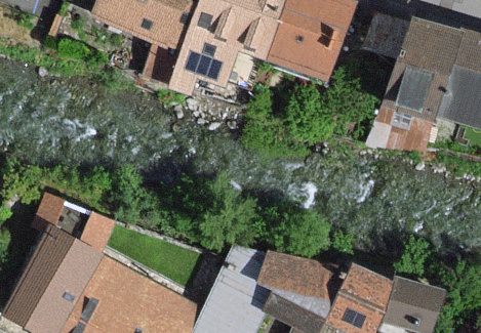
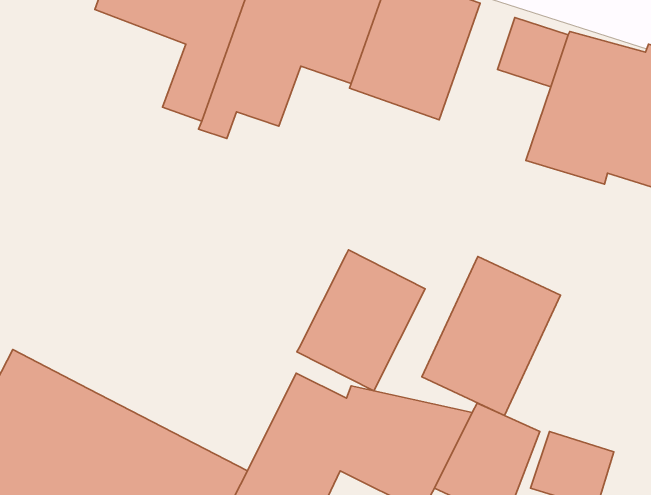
building: none -> [297,250,425,391]
building: none -> [422,257,561,415]

